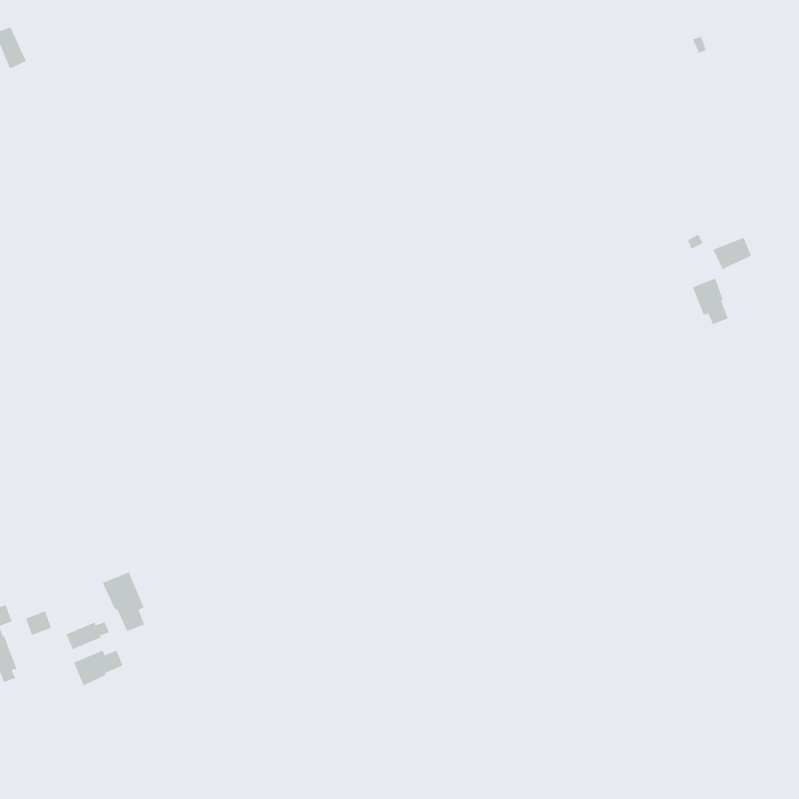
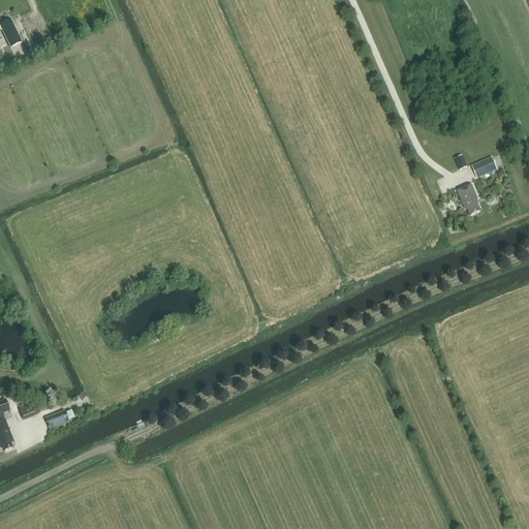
building: [102,572,145,632] -> none
building: [73,650,123,686] -> none

